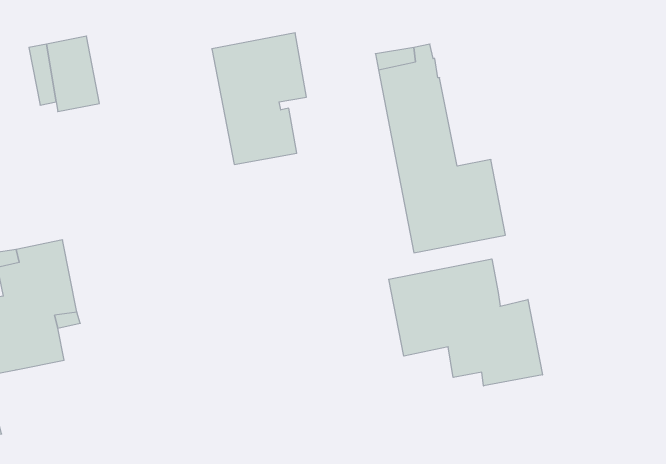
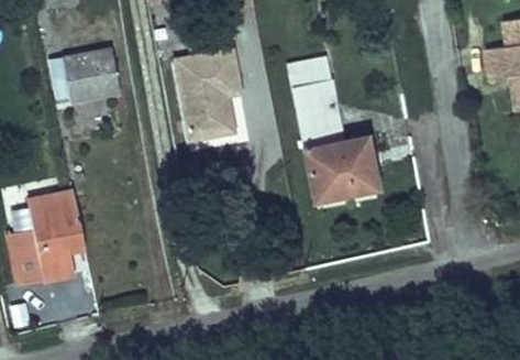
building: none -> [89,47,120,97]
building: [389,259,542,386] -> none

